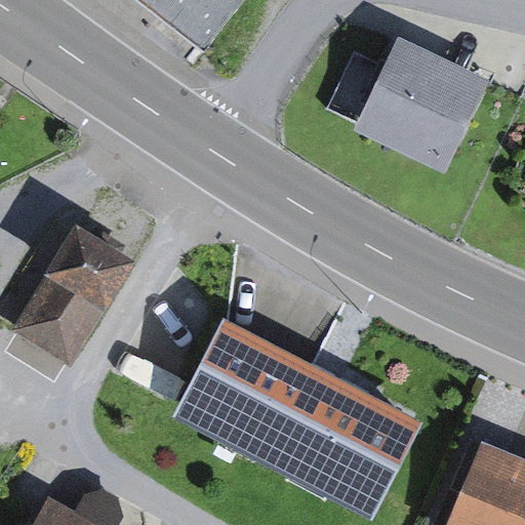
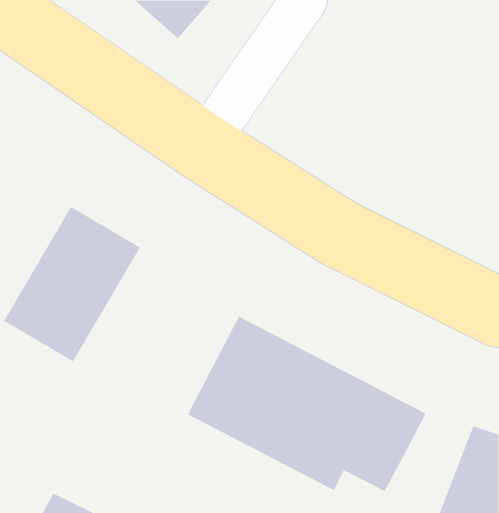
building: [341,43,471,172] -> none

